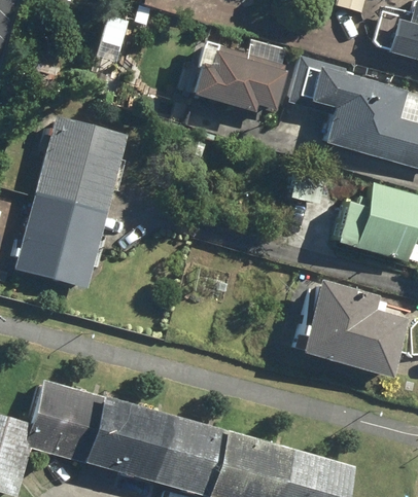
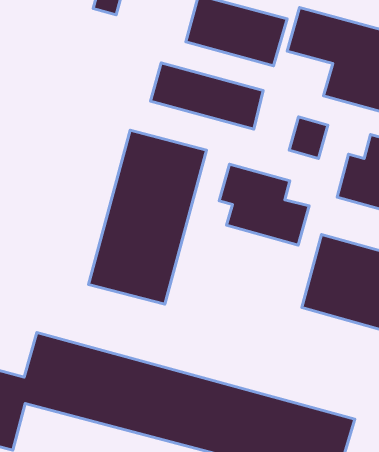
building: none -> [151,63,263,129]
building: [12,116,129,288] -> [89,130,206,304]
building: none -> [219,164,309,245]

